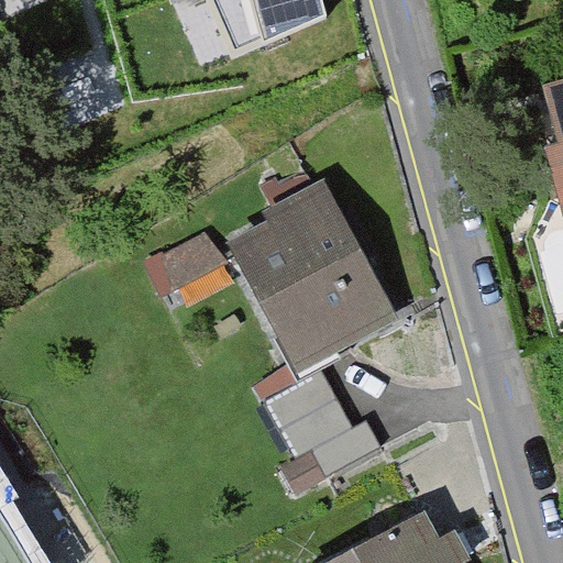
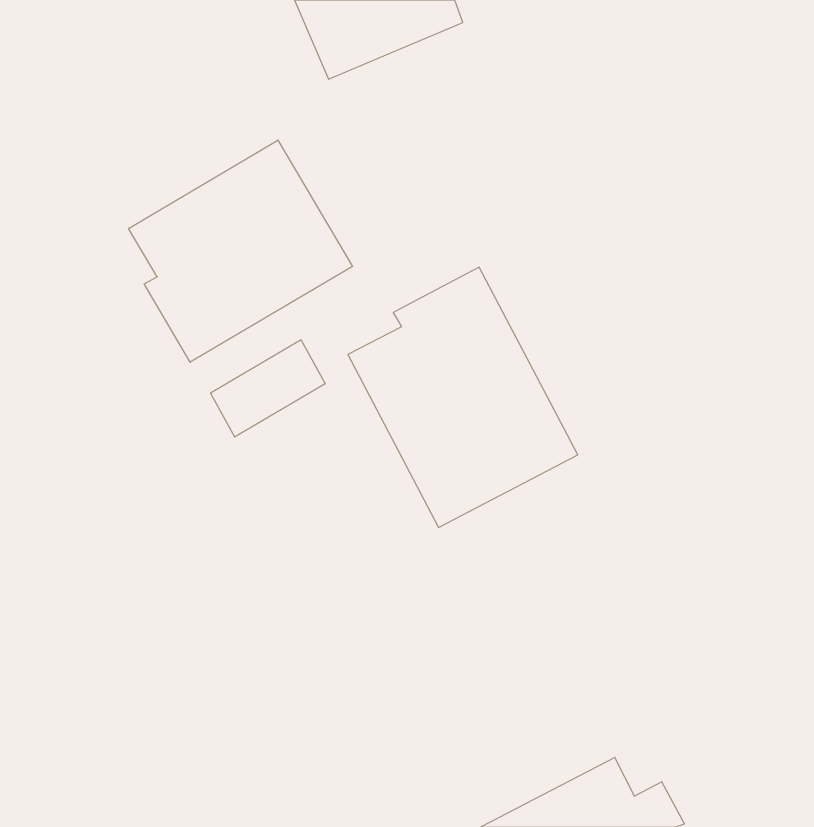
building: none -> [128,140,353,362]
building: [254,366,378,495] -> none

